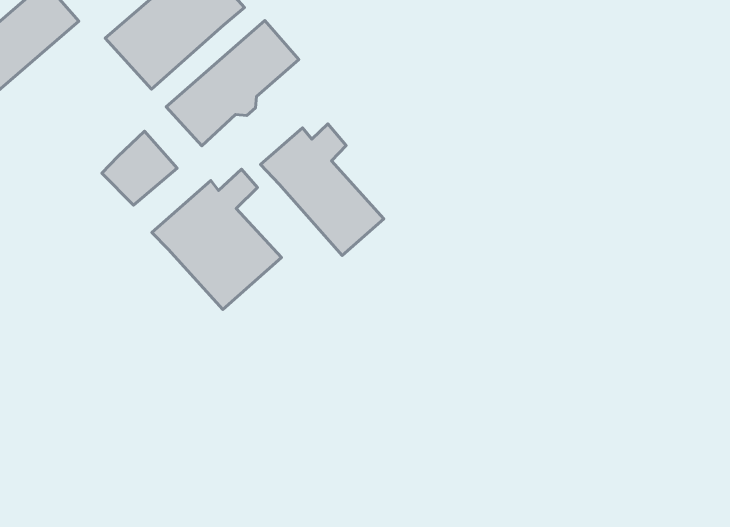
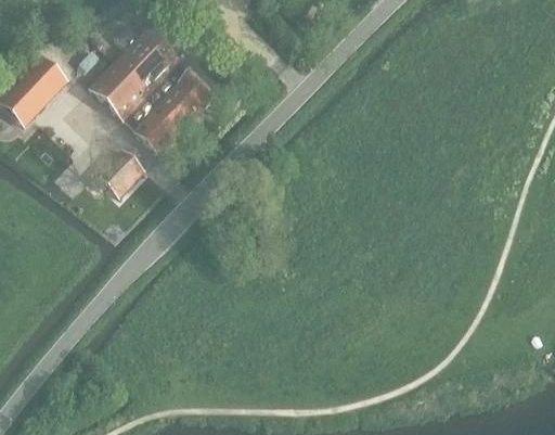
building: [261,124,384,255] -> none
building: [152,169,282,310] -> none

